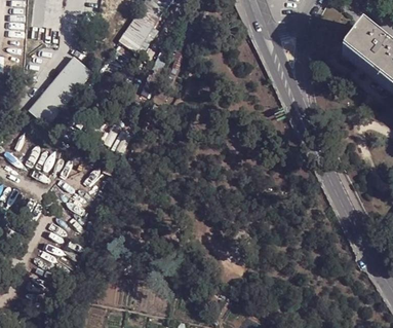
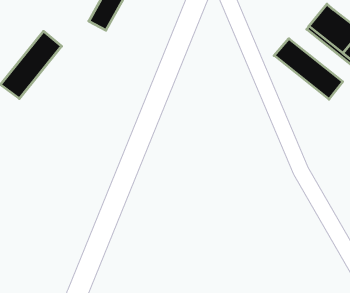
building: none -> [274,39,343,99]

